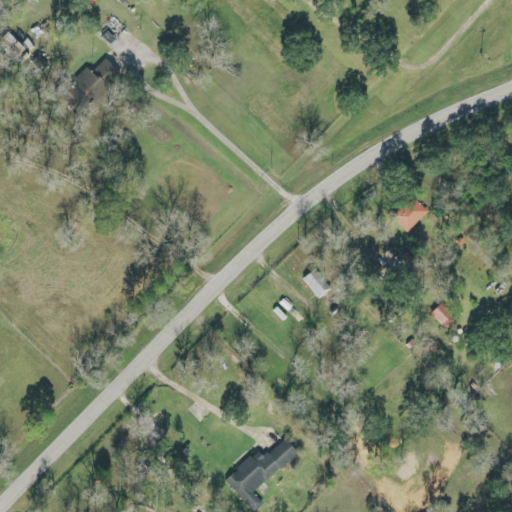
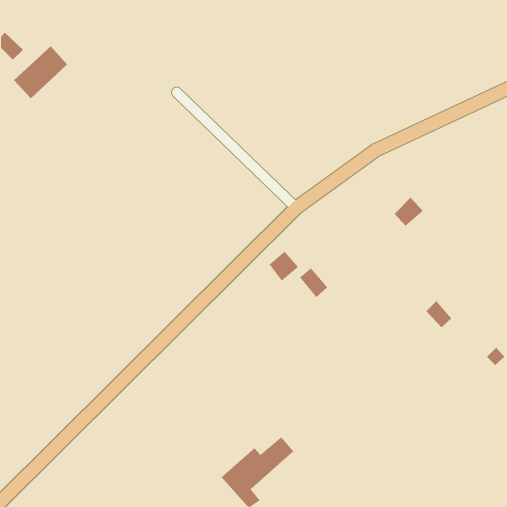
building: [66,58,121,112] -> [13,46,68,99]
building: none -> [269,251,299,281]

